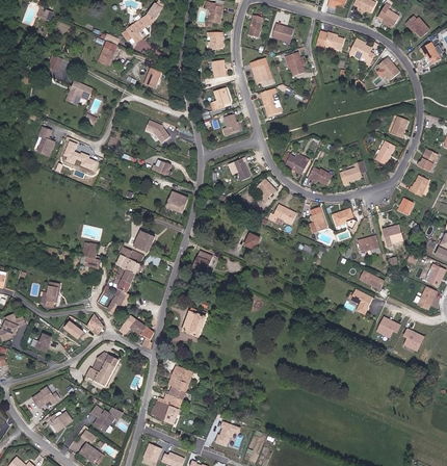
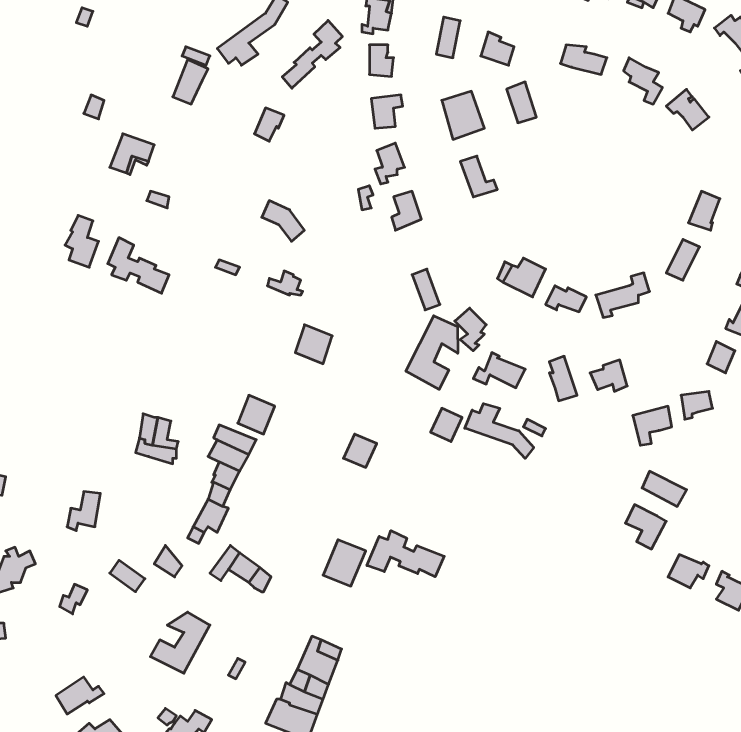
building: none -> [282,20,342,88]
building: none -> [406,316,458,389]
building: none -> [465,404,534,458]
building: none -> [367,531,444,577]

